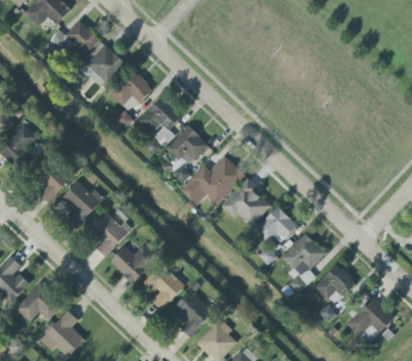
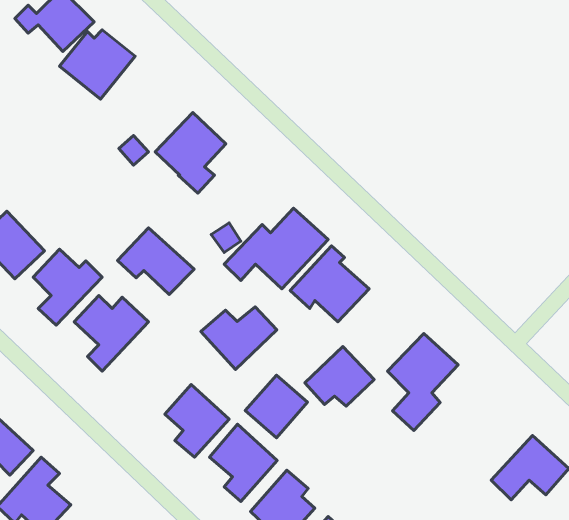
building: [111,71,152,112] -> none
building: [168,126,209,167] -> none
building: none -> [118,228,194,295]
building: [255,206,297,242] -> [305,347,374,406]
building: [110,244,157,283] -> [201,307,277,369]
building: none -> [245,375,308,438]
building: [314,264,357,300] -> none

